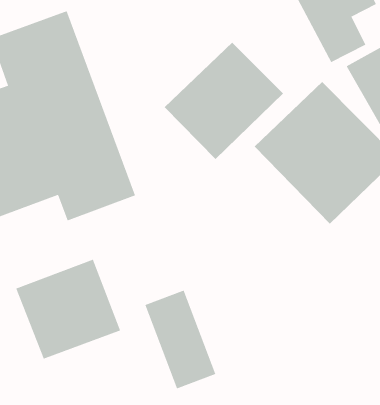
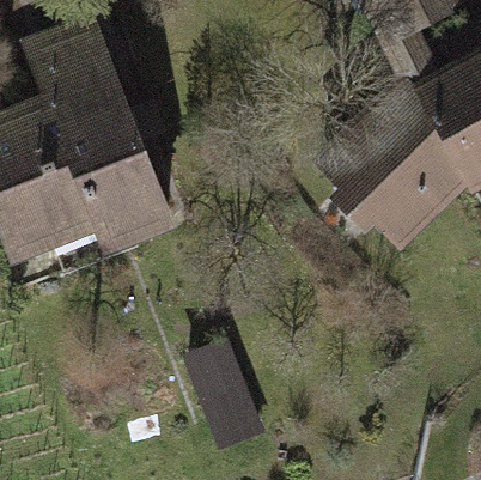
building: [164,42,284,160] -> none
building: [16,259,121,359] -> none

